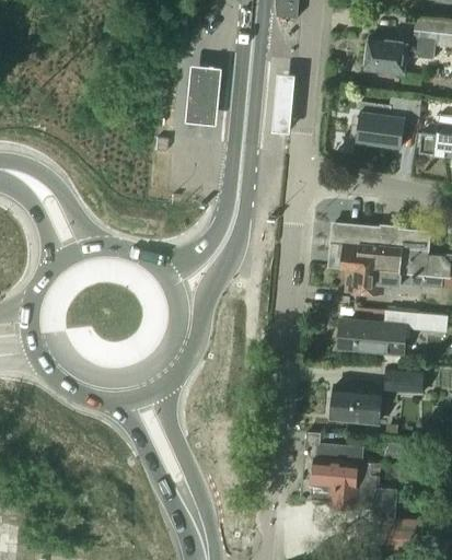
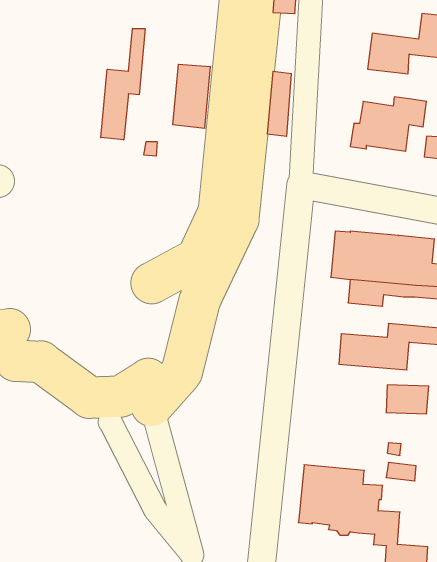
building: none -> [101,28,145,140]
building: [331,386,382,424] -> none

